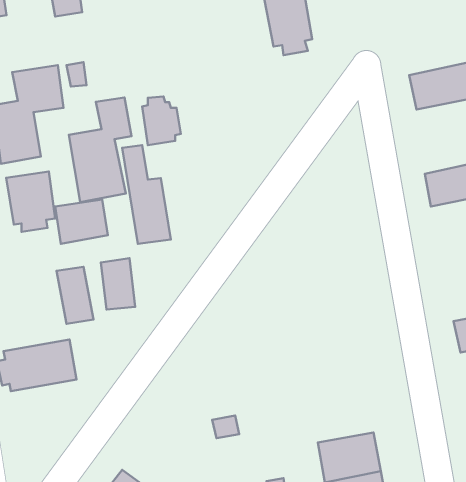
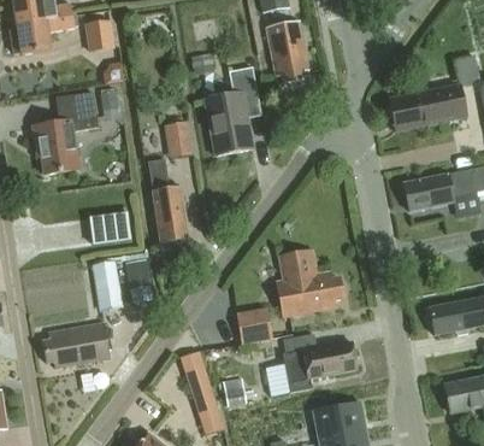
building: [69,98,132,202] -> [206,69,259,157]
building: [6,171,55,232] -> none
building: none -> [276,251,343,317]
building: none -> [235,311,271,344]
building: none -> [282,334,356,393]
building: none -> [181,351,219,418]

